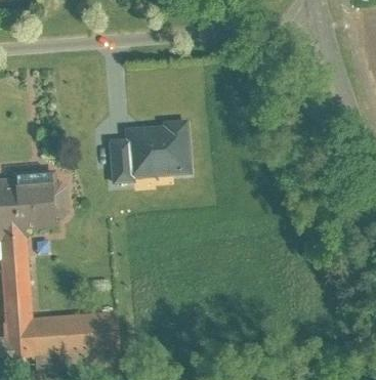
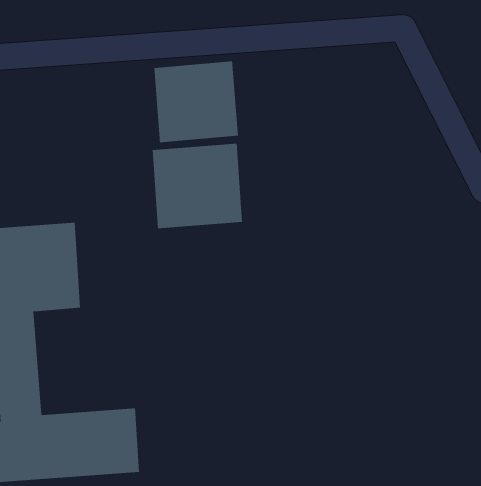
building: none -> [154,60,239,143]

